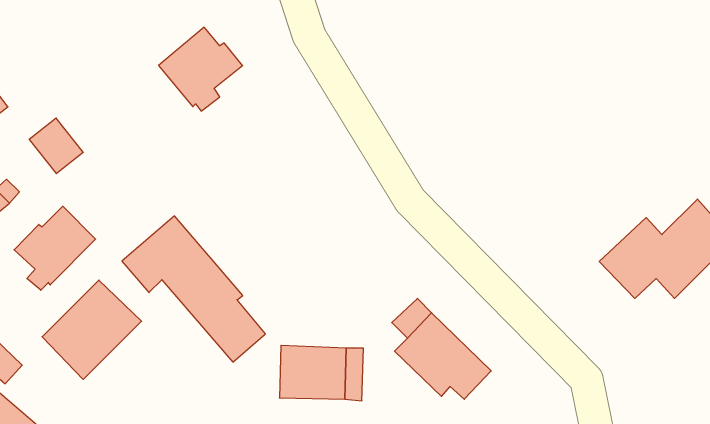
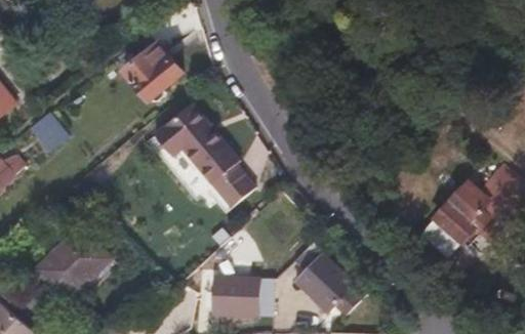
building: [14,206,96,290] -> none
building: [122,216,265,362] -> [155,106,258,211]

